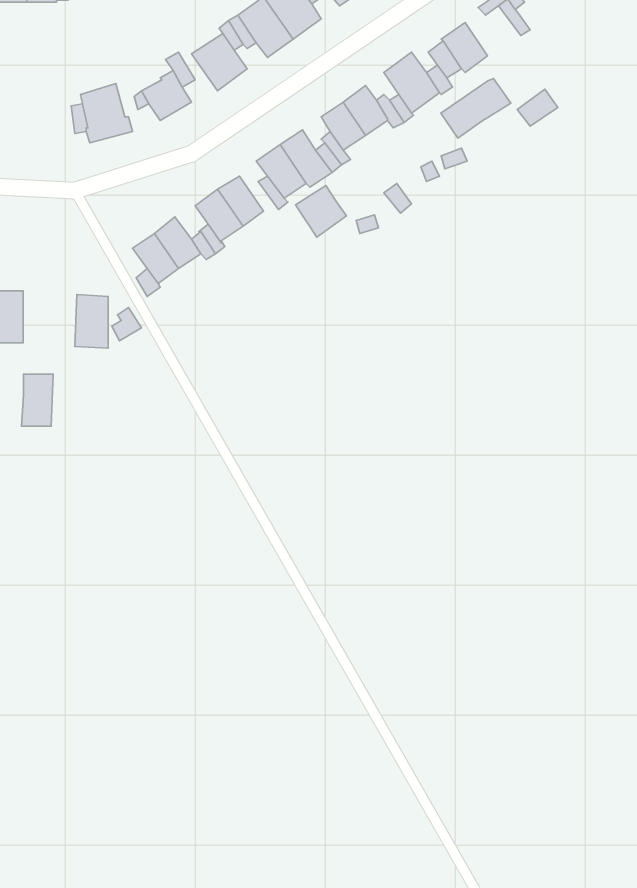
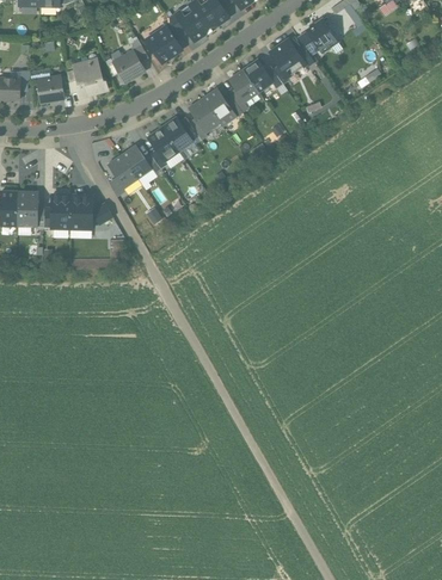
building: [441,78,511,138] -> none
building: none -> [37,75,65,103]
building: [295,186,347,237] -> none
building: [22,374,53,426] -> [51,195,72,228]

